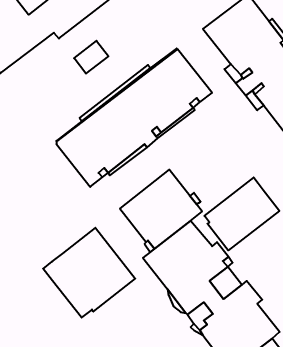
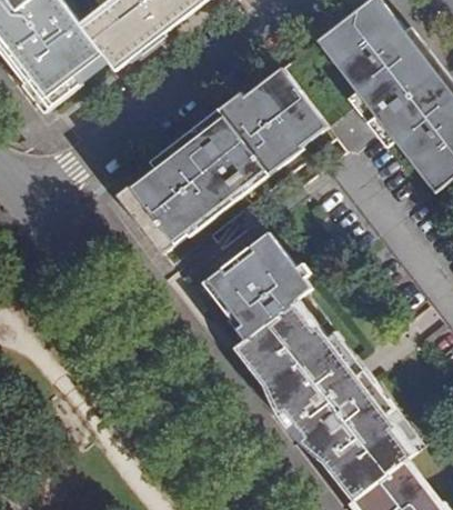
building: [74,41,108,74] -> none
building: [204,177,279,250] -> none
building: [43,228,135,318] -> none

